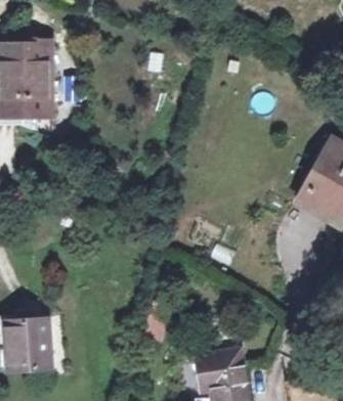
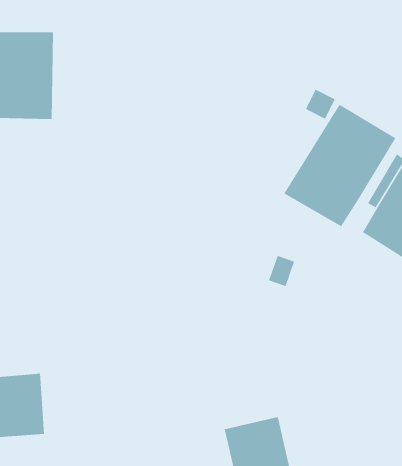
building: none -> [283,104,396,227]

